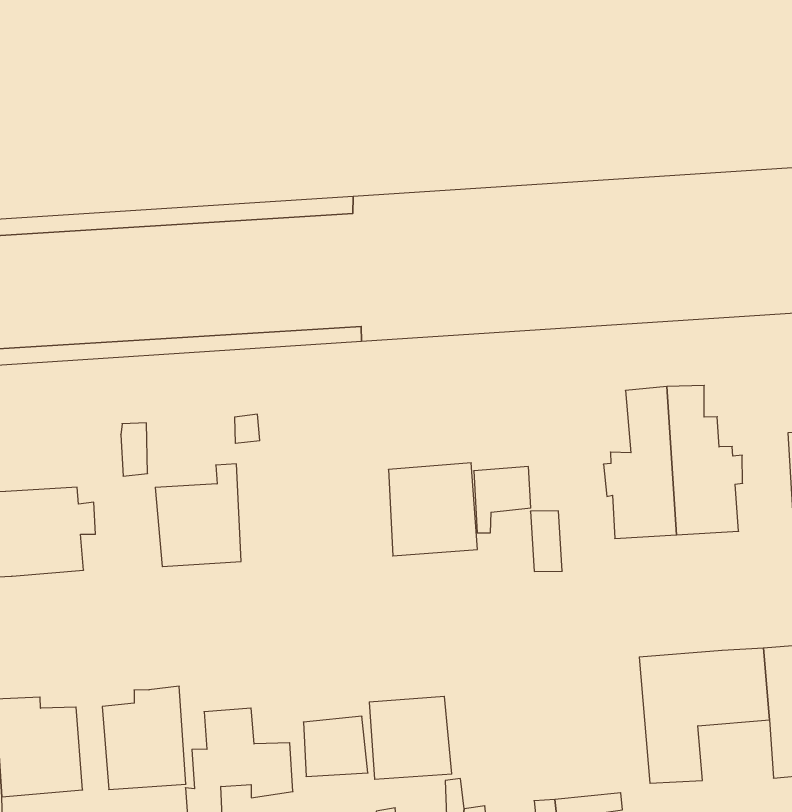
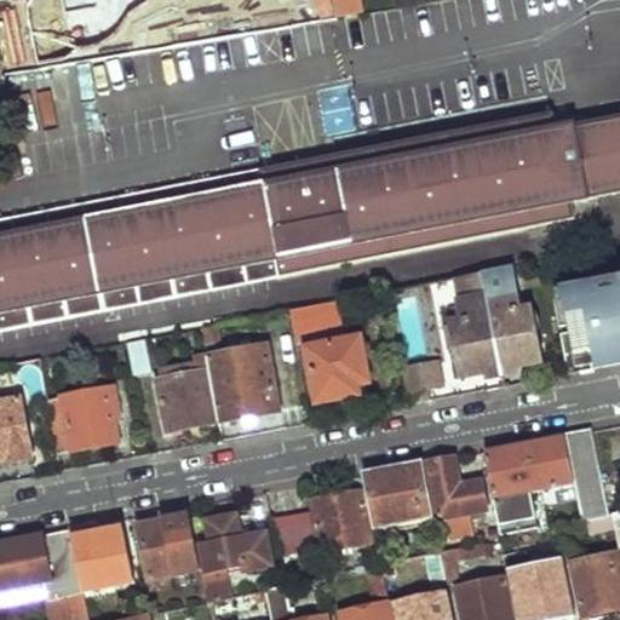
building: none -> [208,344,279,418]
building: [474,467,531,533] -> [292,300,332,348]
building: none -> [430,453,489,521]
building: none -> [366,460,435,526]

